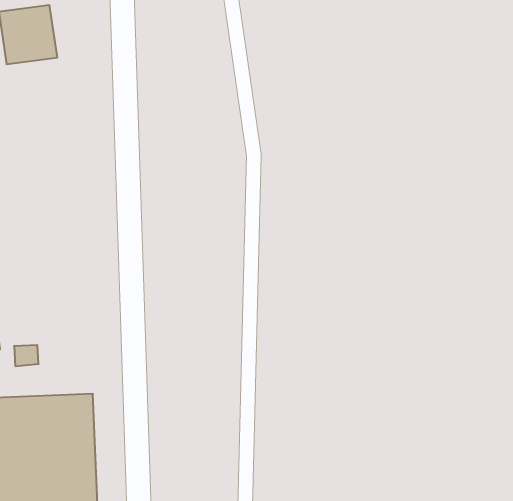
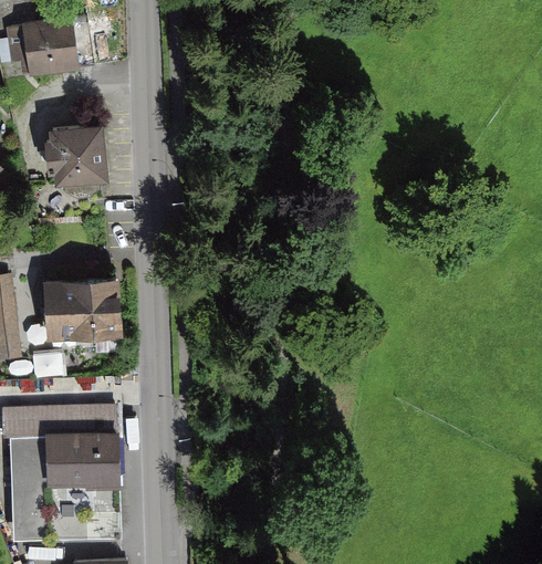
building: none -> [43,123,107,186]
building: none -> [41,276,122,342]

